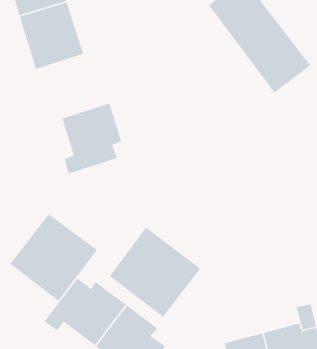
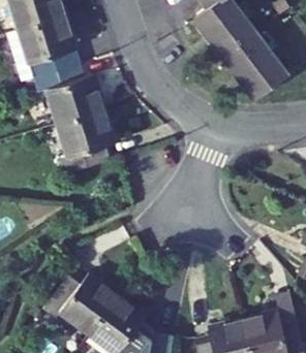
building: none -> [34,63,102,122]
building: [10,213,98,302] -> none
building: [109,226,201,318] -> none

